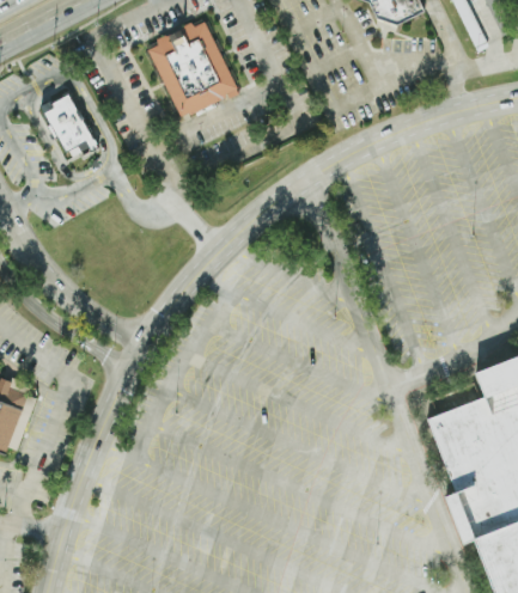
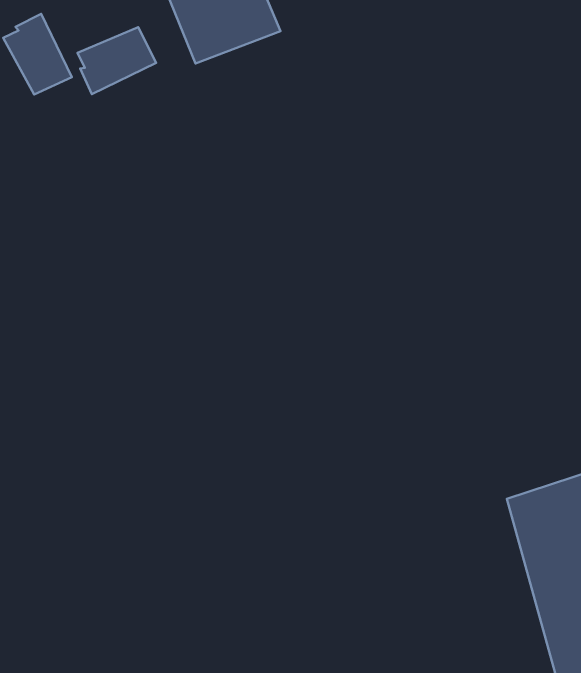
building: none -> [77,27,156,94]

